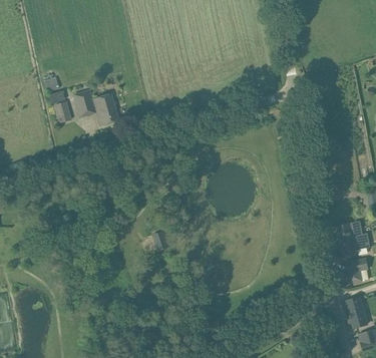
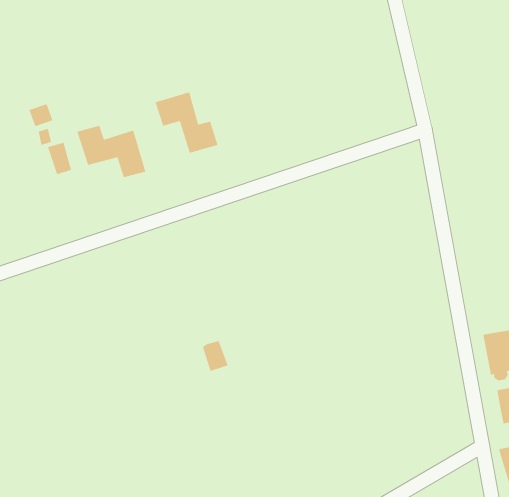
building: none -> [155,91,218,153]

